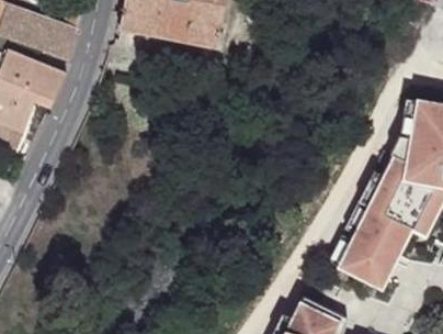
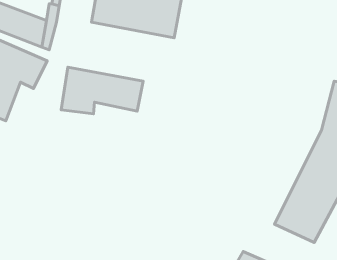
building: none -> [61,67,143,114]

